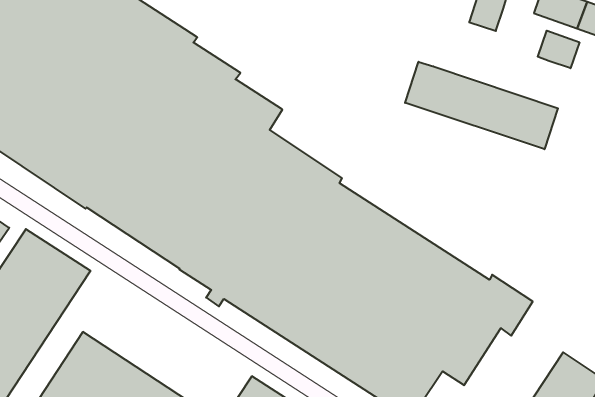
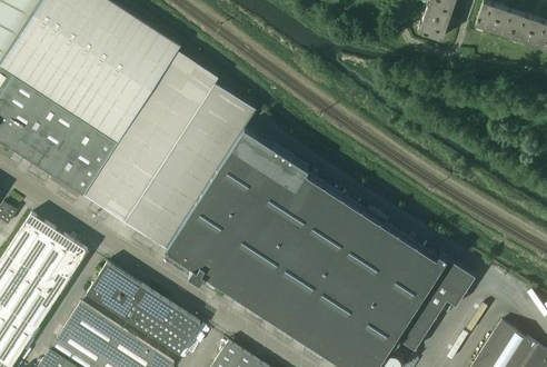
building: [538,31,579,68] -> none
building: [405,62,558,149] -> none
building: none -> [87,264,200,355]

